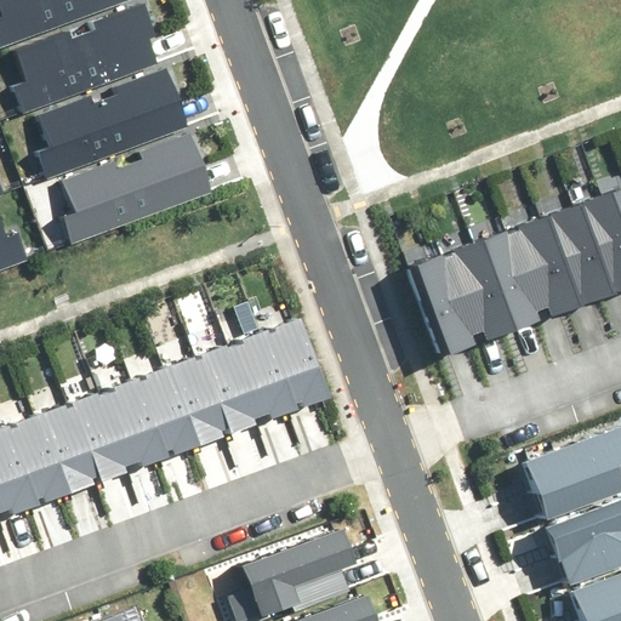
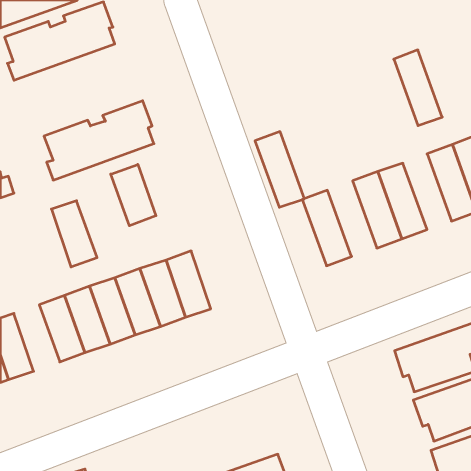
building: [36,74,180,177] -> none
building: [531,207,594,306] -> [394,50,442,126]
building: none -> [111,164,156,226]
building: [433,243,497,341] -> [255,132,304,207]
building: [256,323,315,409] -> none
building: [25,404,85,490] -> [51,201,97,267]
building: [246,529,357,614] -> none

